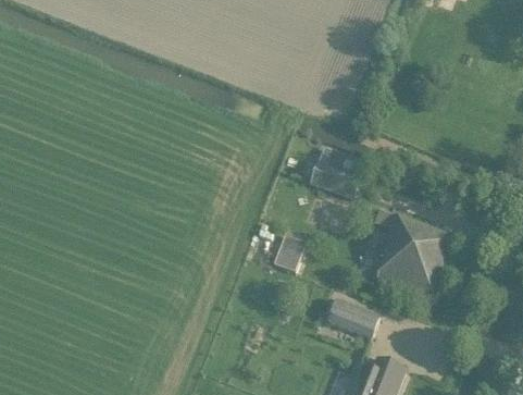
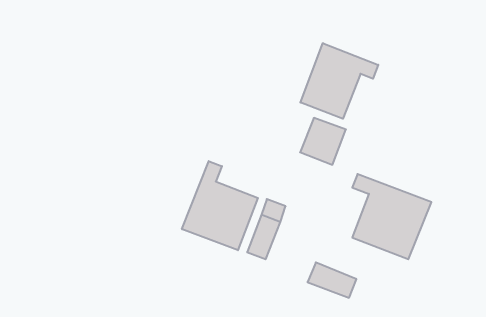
building: none -> [300,43,378,119]
building: none -> [182,161,258,250]

